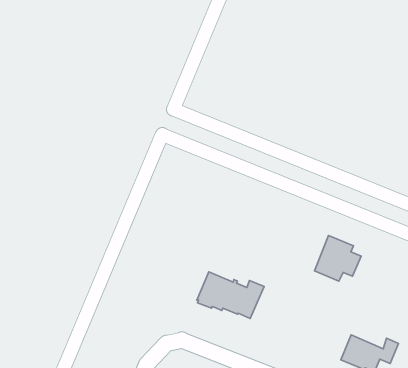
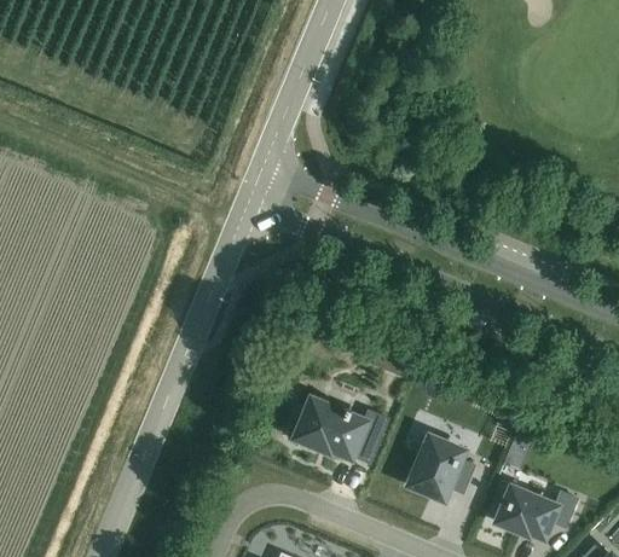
building: [315,235,361,281] -> [407,436,473,500]

